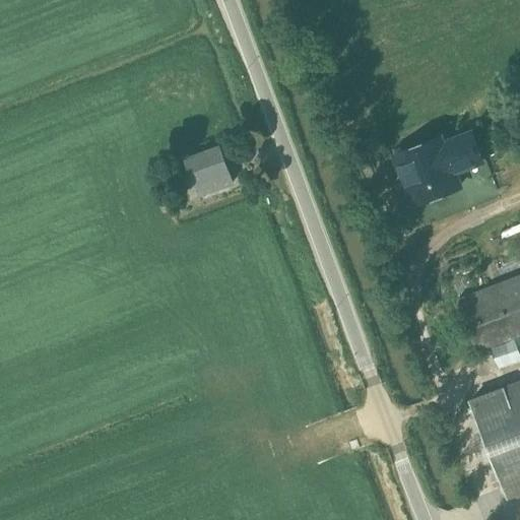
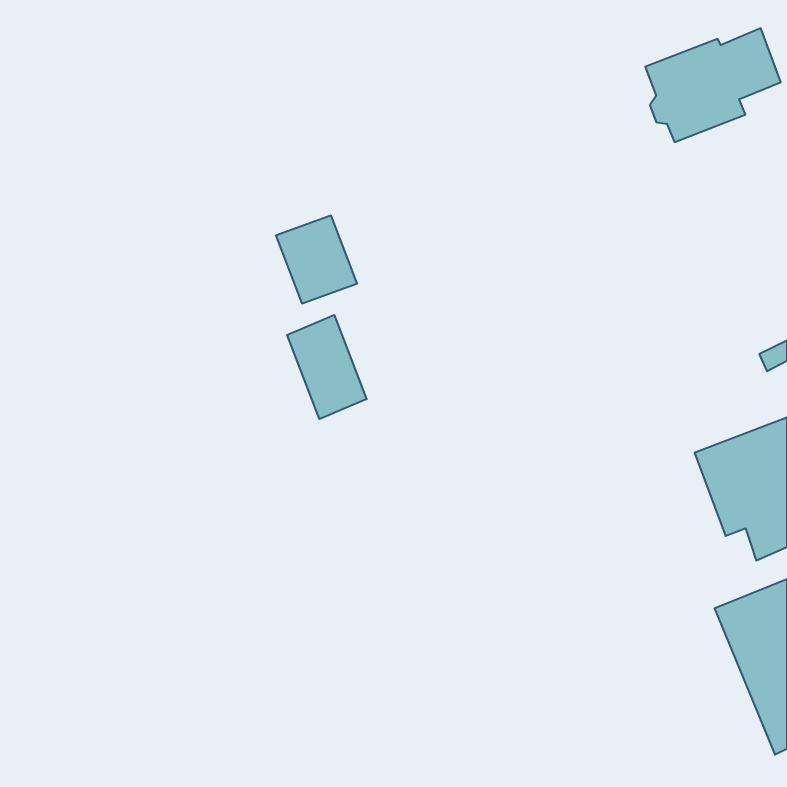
building: [396,129,485,204] -> [645,28,781,142]
building: none -> [287,315,367,419]

